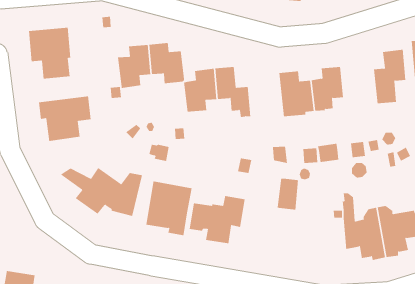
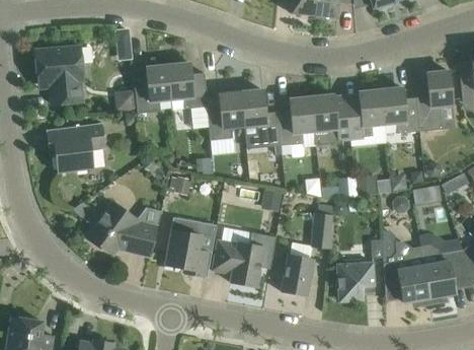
building: none -> [381,87,420,133]
building: none -> [279,96,317,149]
building: none -> [282,242,313,295]
building: none -> [337,262,375,301]

